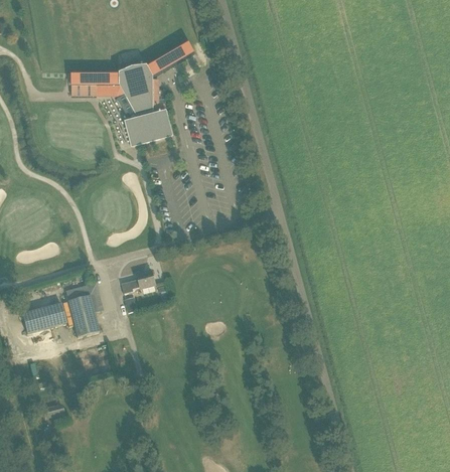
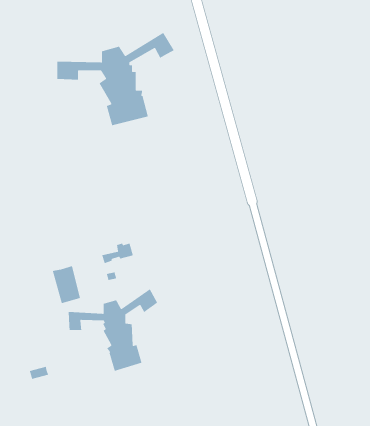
building: [21,302,65,331] -> none
building: none -> [68,288,158,372]

